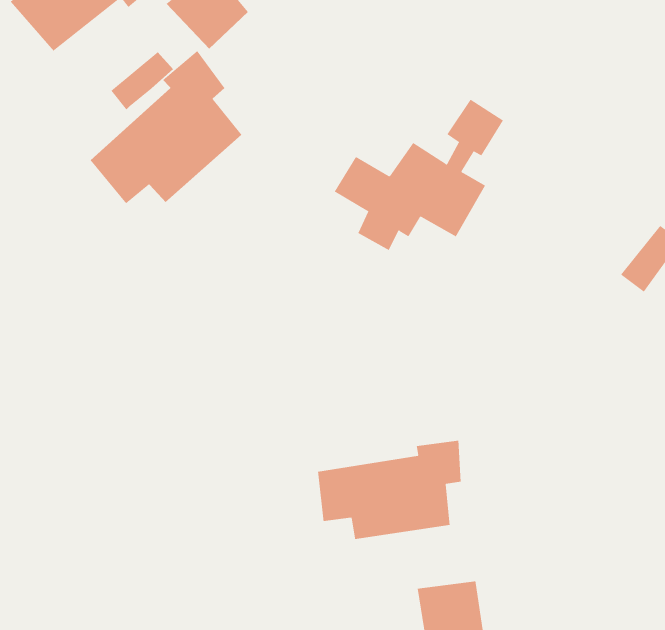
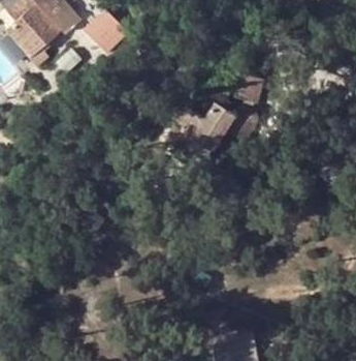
building: [90,50,242,204] -> none
building: [317,440,461,540] -> none

